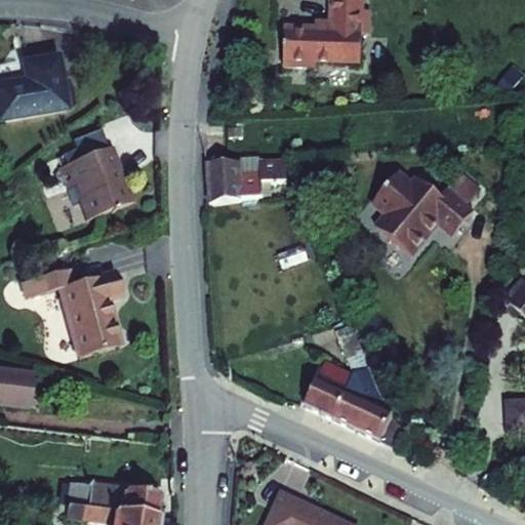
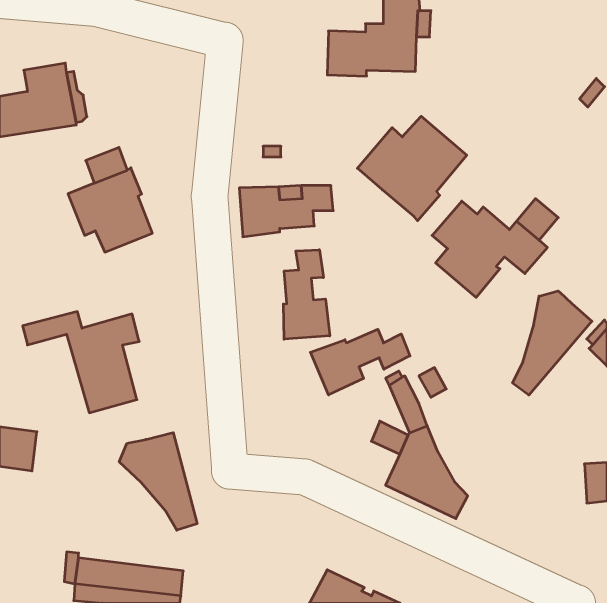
building: none -> [357,116,467,221]
building: none -> [283,250,330,339]
building: none -> [513,291,592,395]
building: none -> [310,329,410,395]
building: none -> [119,433,197,530]
building: [305,378,345,418] -> none

